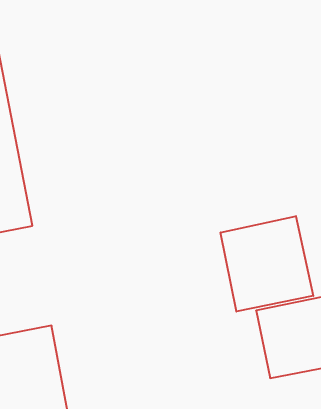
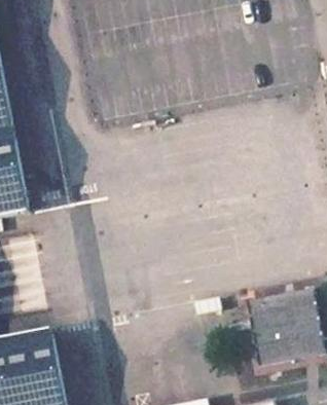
building: [221,216,313,312] -> none

